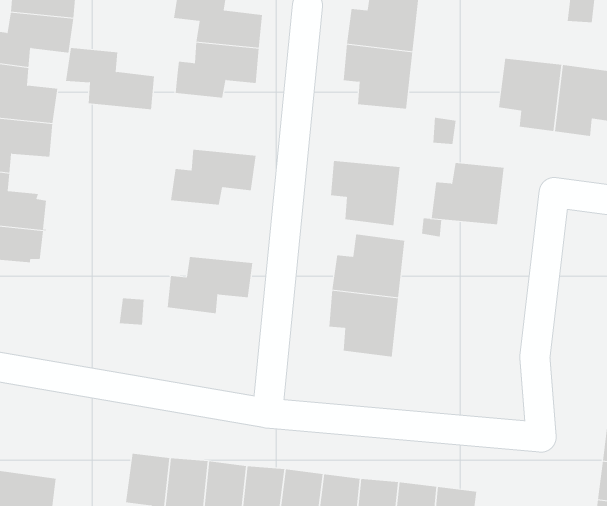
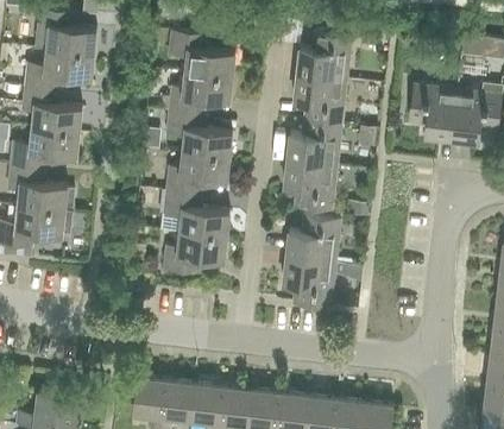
building: [65,48,155,110] -> [165,108,232,154]
building: [431,163,504,225] -> [286,116,341,163]
building: none -> [163,188,229,234]

